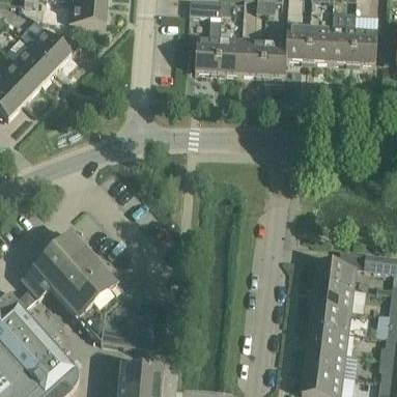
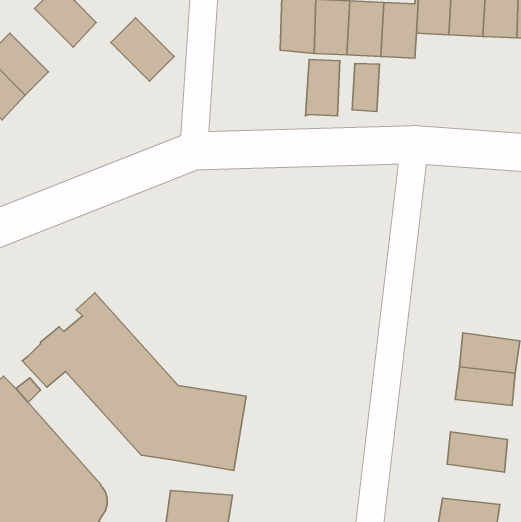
building: [13,44,56,86] -> [111,18,174,81]
building: none -> [305,59,340,116]
building: none -> [352,64,380,112]
building: [309,306,350,333] -> none
building: [304,349,345,376] -> none

